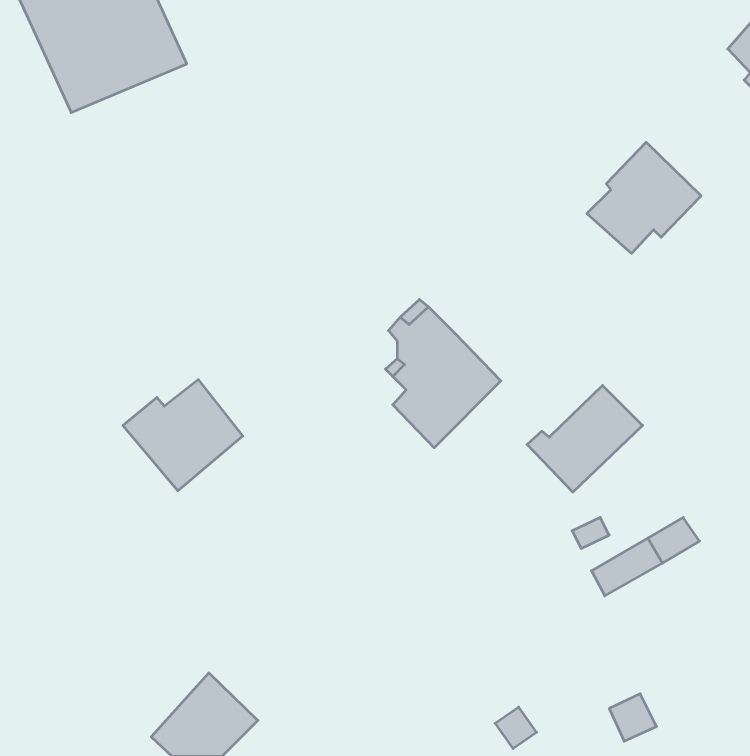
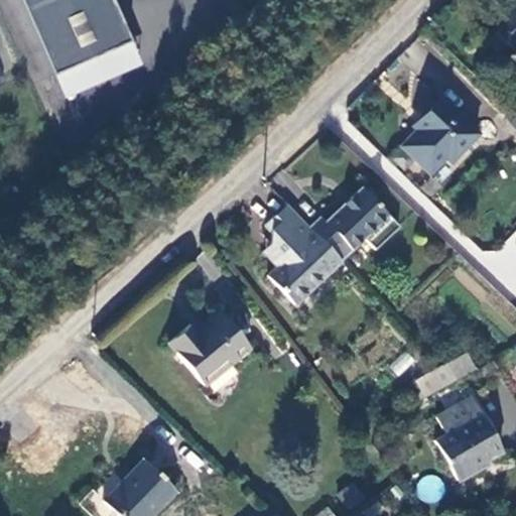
building: none -> [53,44,140,100]
building: [123,380,243,491] -> [171,310,253,386]
building: [527,385,643,492] -> [314,186,393,259]
building: none -> [435,396,503,480]

